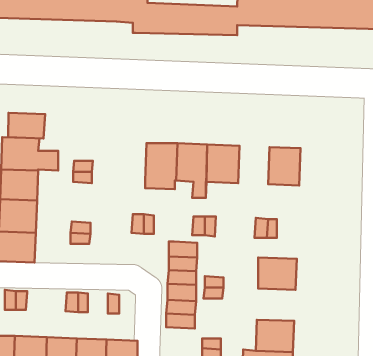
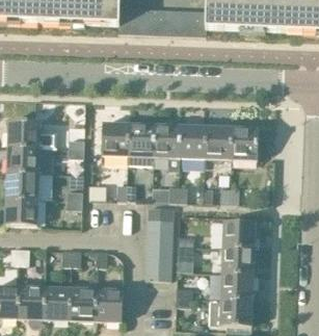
building: [8,113,45,138] -> none
building: none -> [101,123,129,155]
building: none -> [206,126,232,158]
building: none -> [221,245,254,273]

